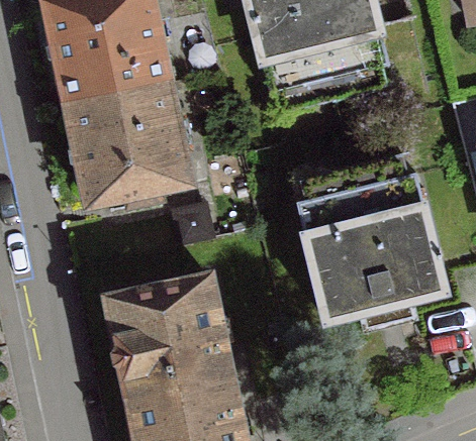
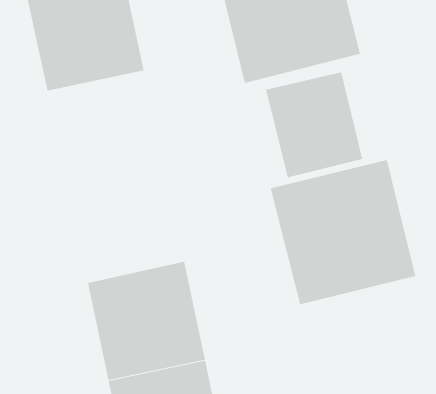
building: [65,81,186,206] -> none
building: none -> [265,71,363,178]

